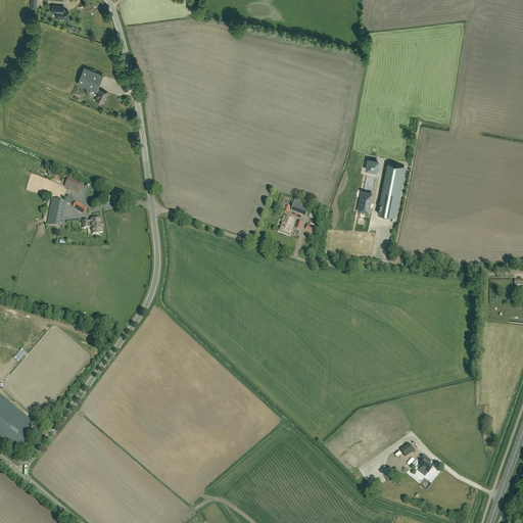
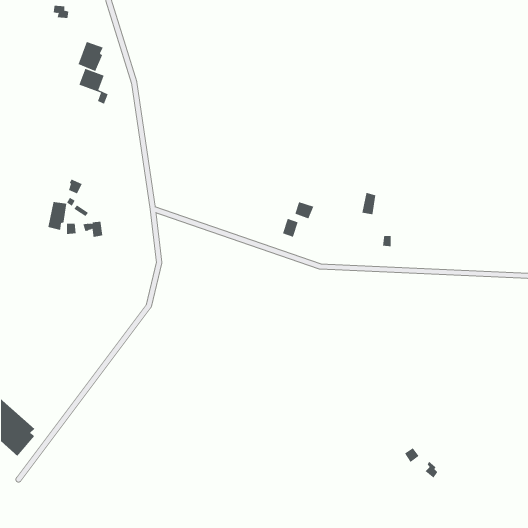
building: none -> [78,41,103,72]
building: [378,162,405,217] -> none

